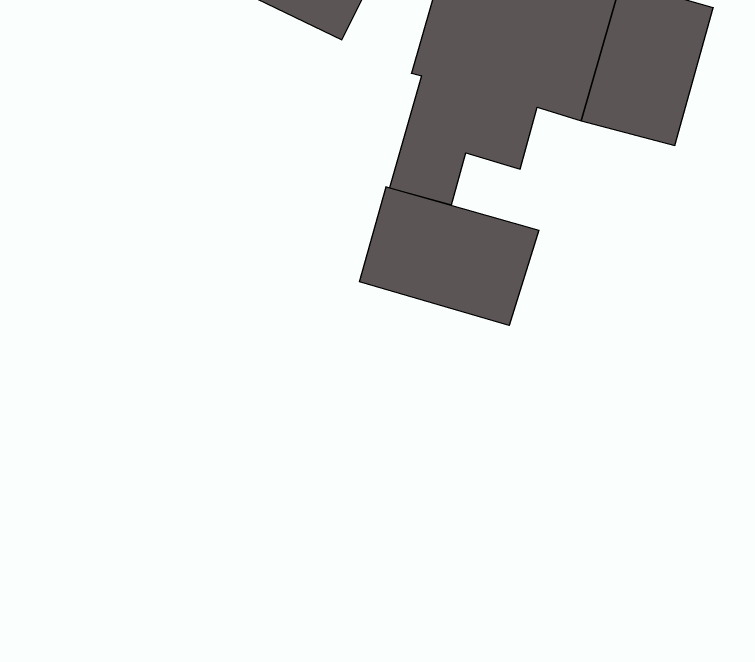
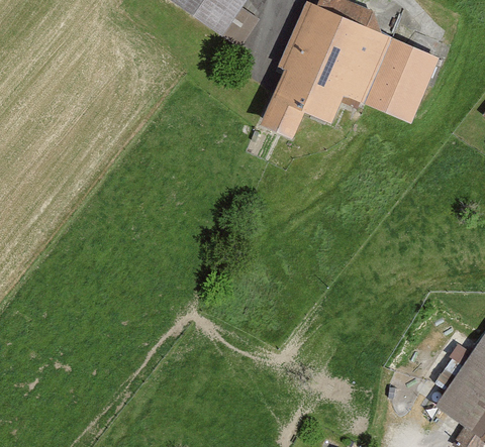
building: [359,187,539,325] -> none

